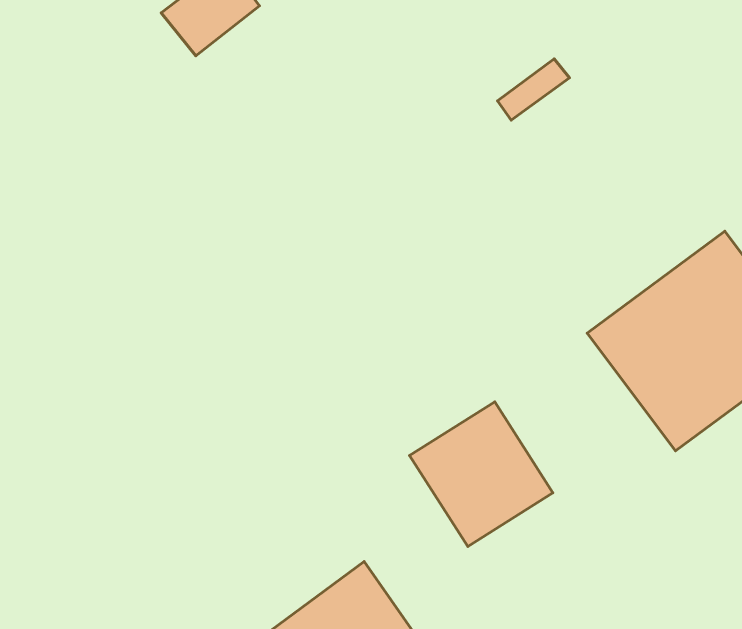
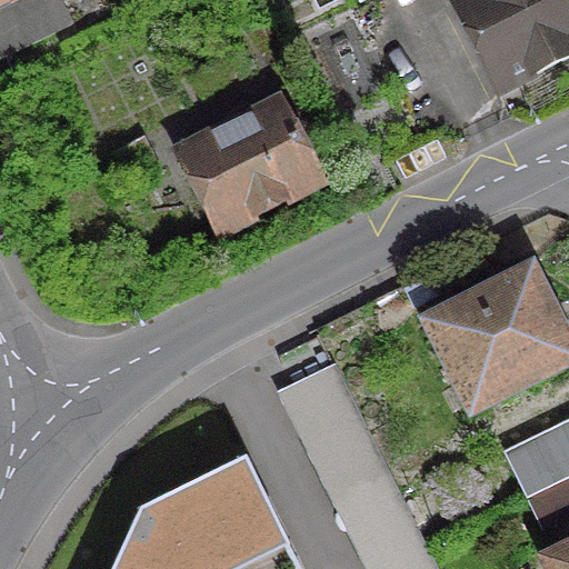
building: none -> [178,109,311,232]

